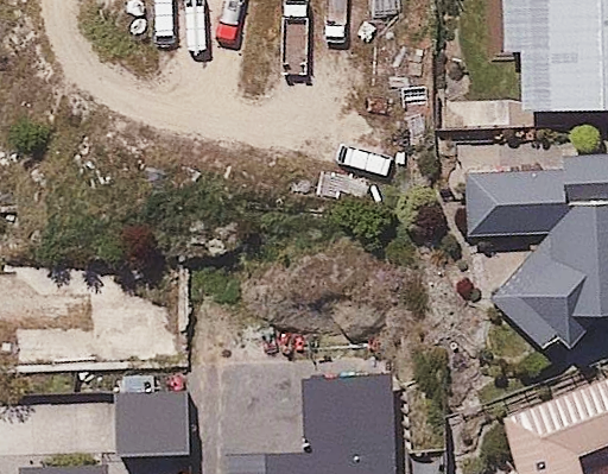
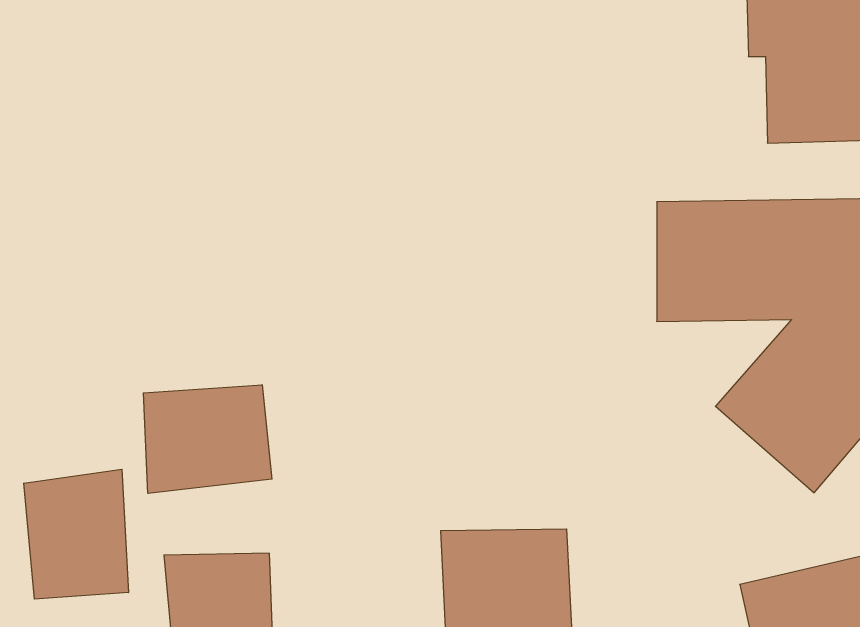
building: none -> [143,385,272,493]
building: none -> [24,469,128,599]

